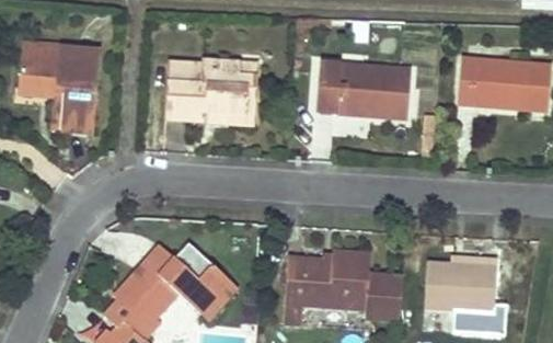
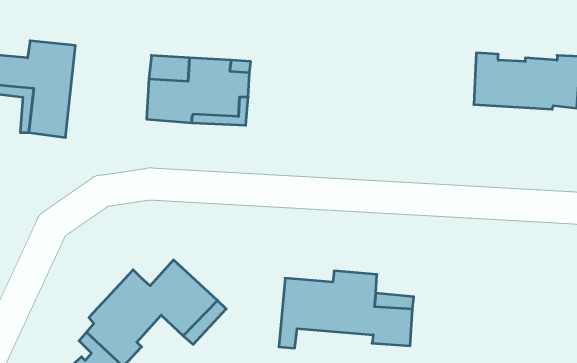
building: [315,61,411,118] -> none
building: [423,261,496,324] -> none

